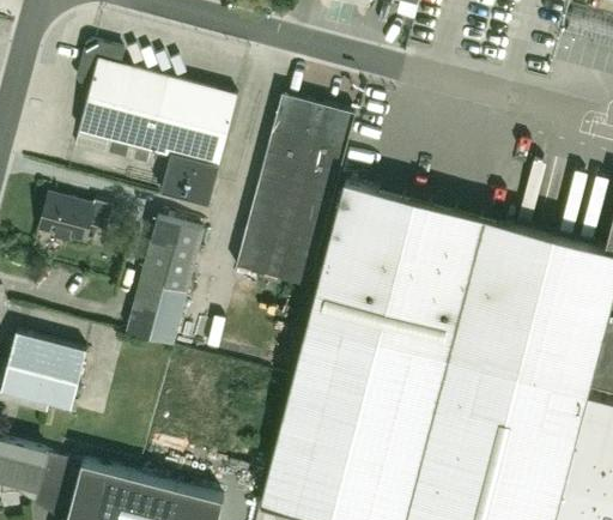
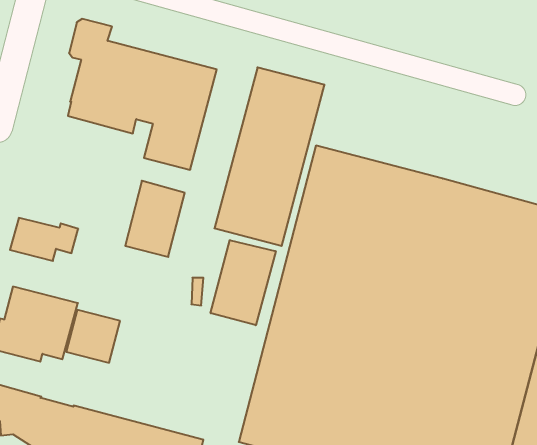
building: [38,198,113,244] -> [10,218,78,261]
building: none -> [211,240,276,325]
building: [126,290,184,347] -> [66,310,120,363]

